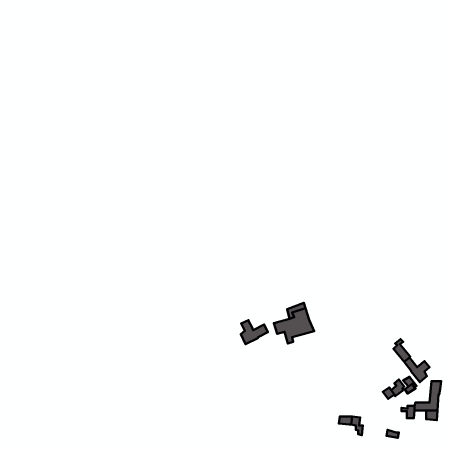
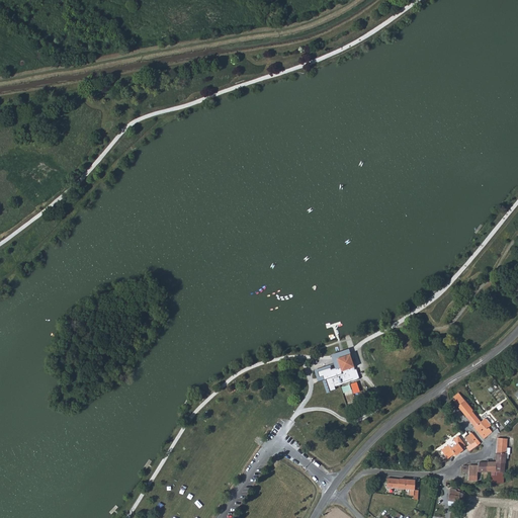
building: [241,320,268,344] -> none

